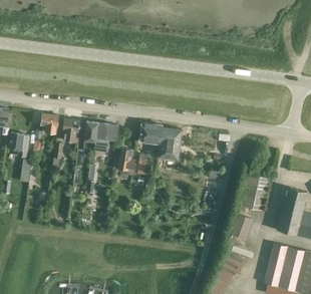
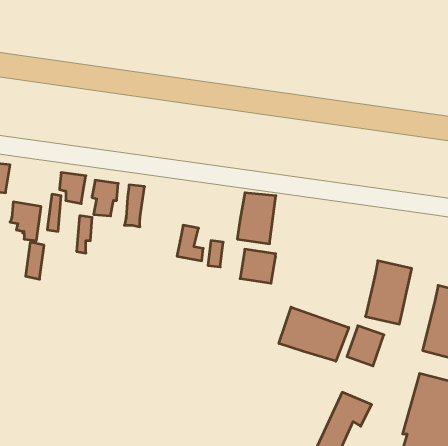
building: [138,121,162,143] -> [240,249,276,283]
building: [93,122,118,151] -> none
building: none -> [279,307,349,361]

